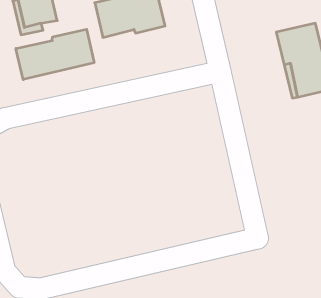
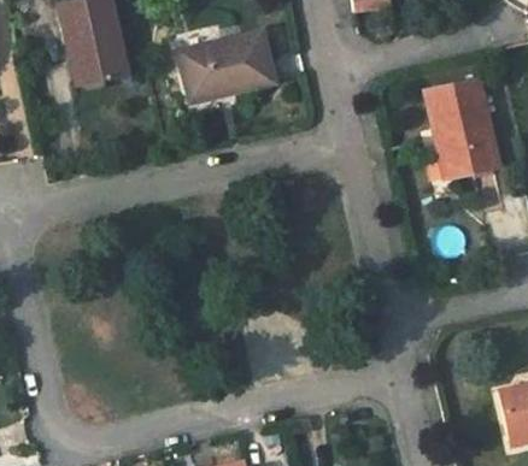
building: [16,29,94,80] -> none

